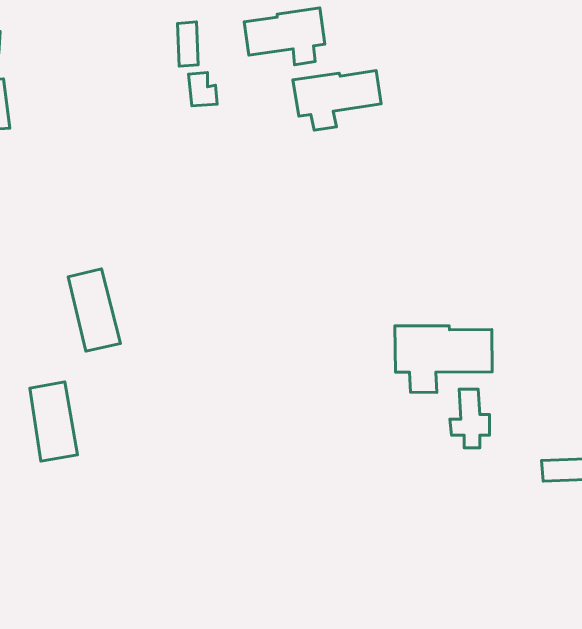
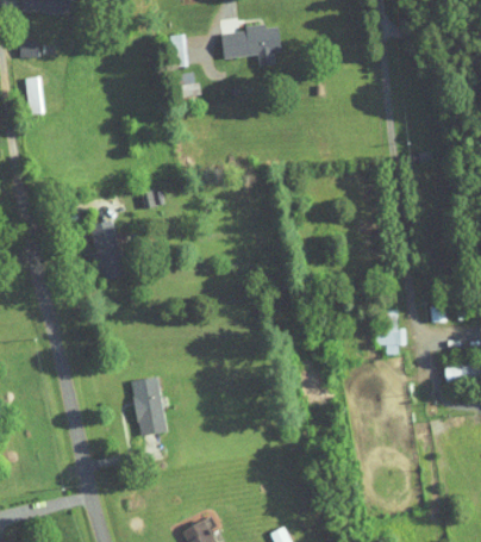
building: [293,71,381,130] -> none
building: [395,326,492,392] -> none
building: [30,382,77,461] -> [131,376,167,436]

